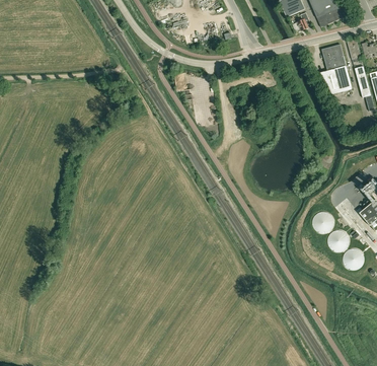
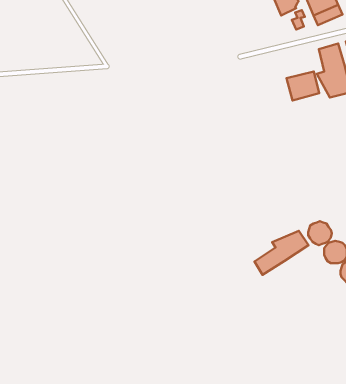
building: none -> [286,71,319,101]
building: none -> [254,231,309,275]

